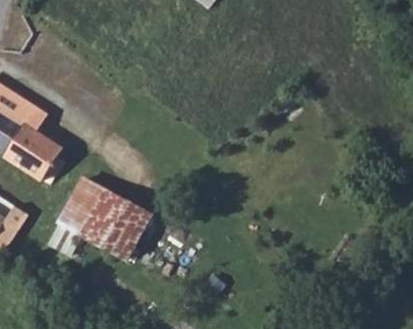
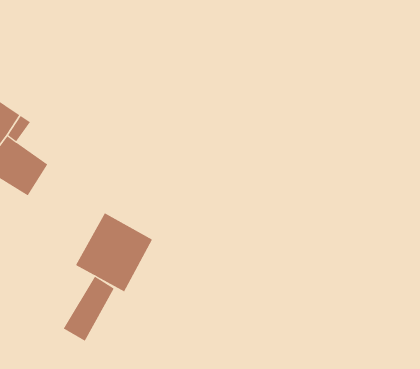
building: [66,180,111,236] -> [63,276,114,341]

